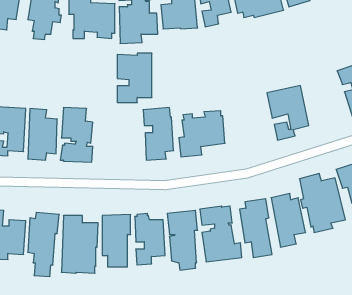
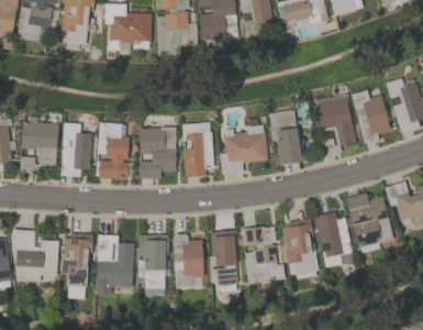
building: [117,53,152,103] -> [140,126,176,178]
building: none -> [350,90,390,144]
building: none -> [267,110,304,165]

